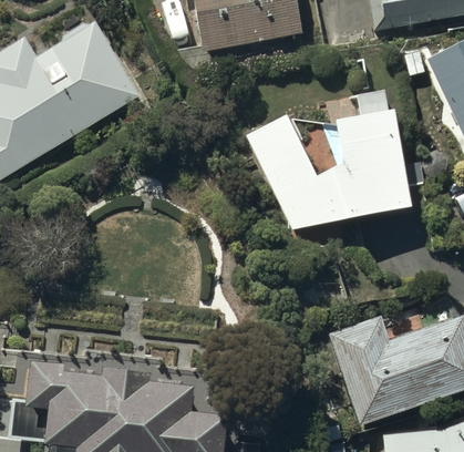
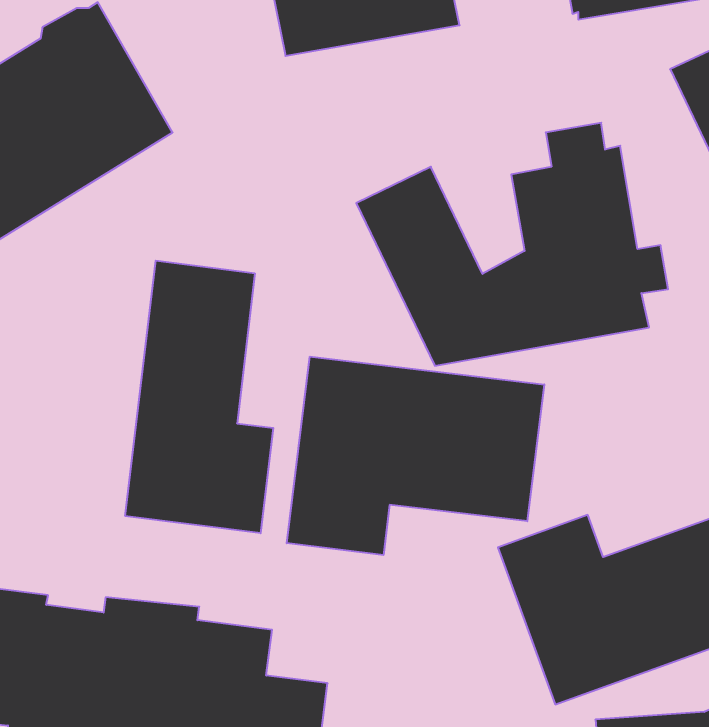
building: none -> [125,261,273,533]
building: none -> [287,357,544,555]

